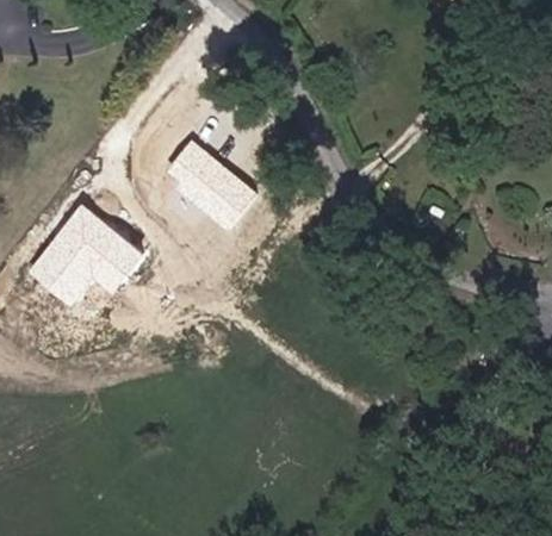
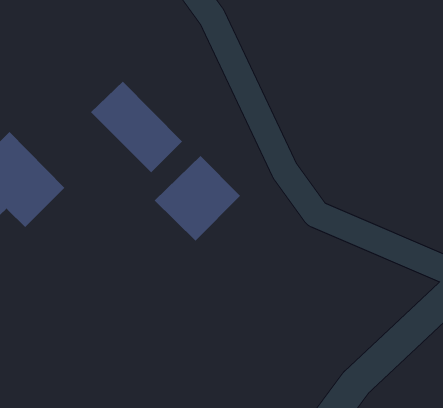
building: none -> [154,155,241,242]

